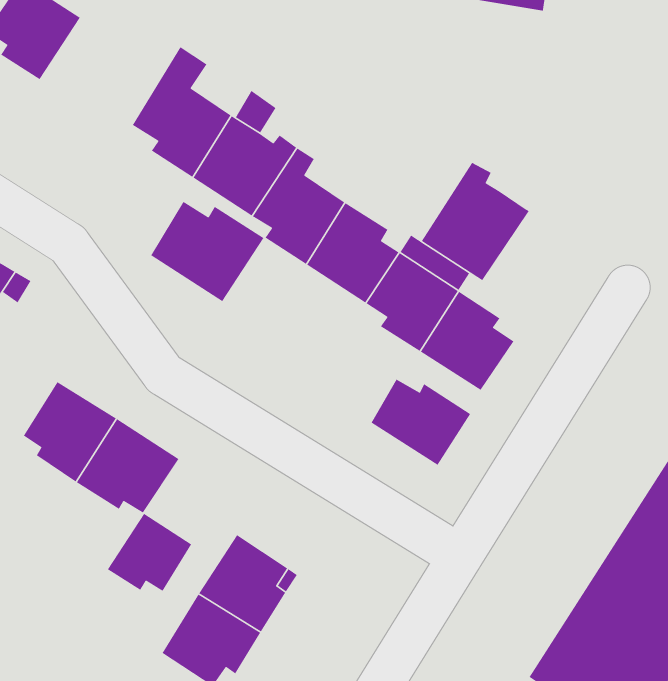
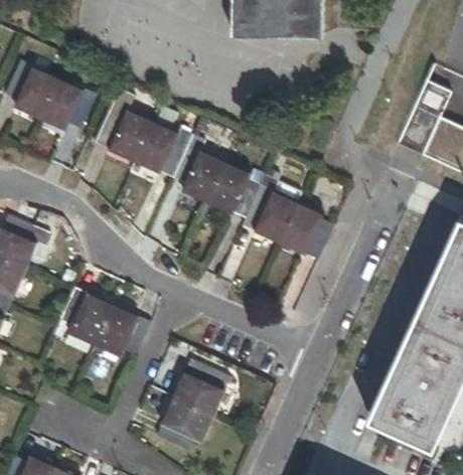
building: none -> [39,78,96,130]
building: [421,162,530,281] -> none
building: [150,201,265,302] -> none
building: [370,378,471,466] -> none
building: [107,513,192,592] -> none

